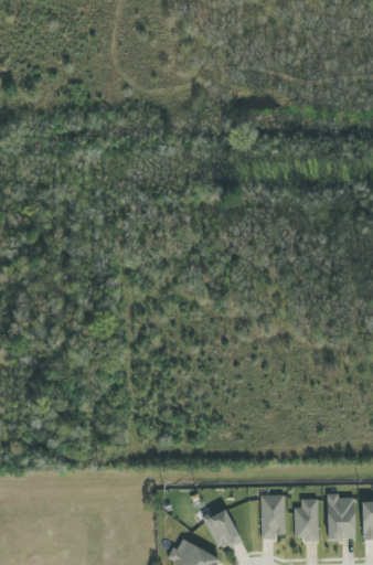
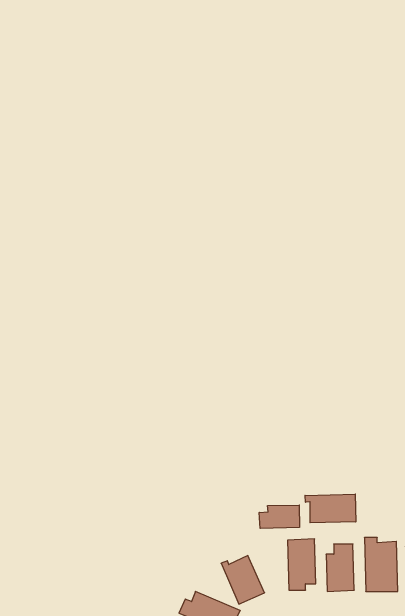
building: none -> [305,494,356,523]
building: none -> [259,505,299,528]

